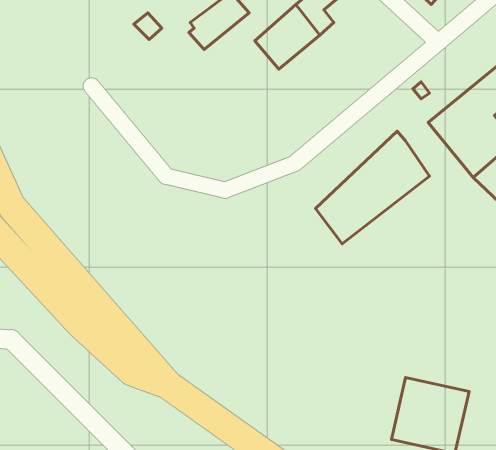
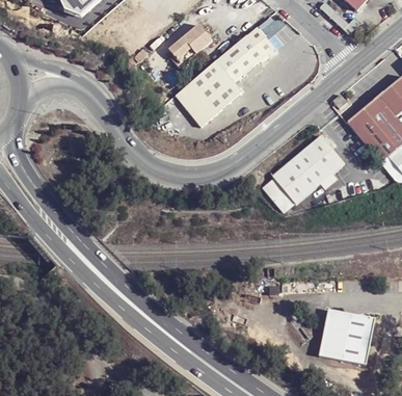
building: none -> [178,60,244,125]

